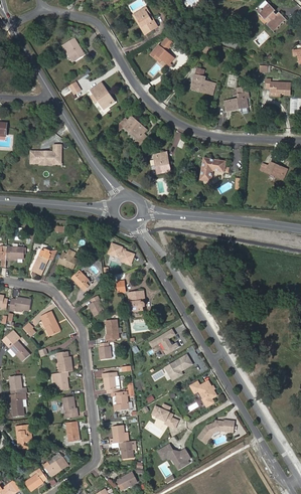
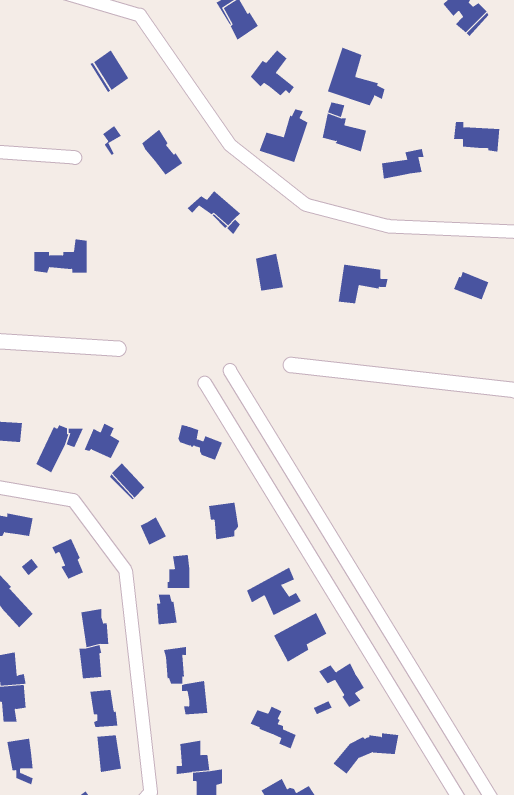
building: none -> [327,47,385,106]
building: none -> [259,108,308,163]

